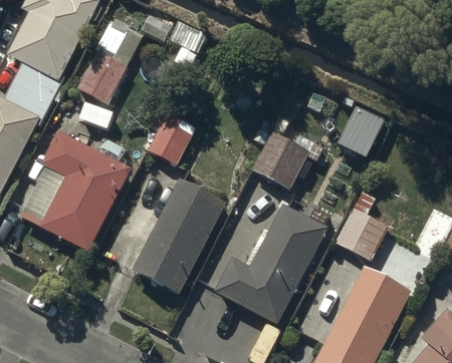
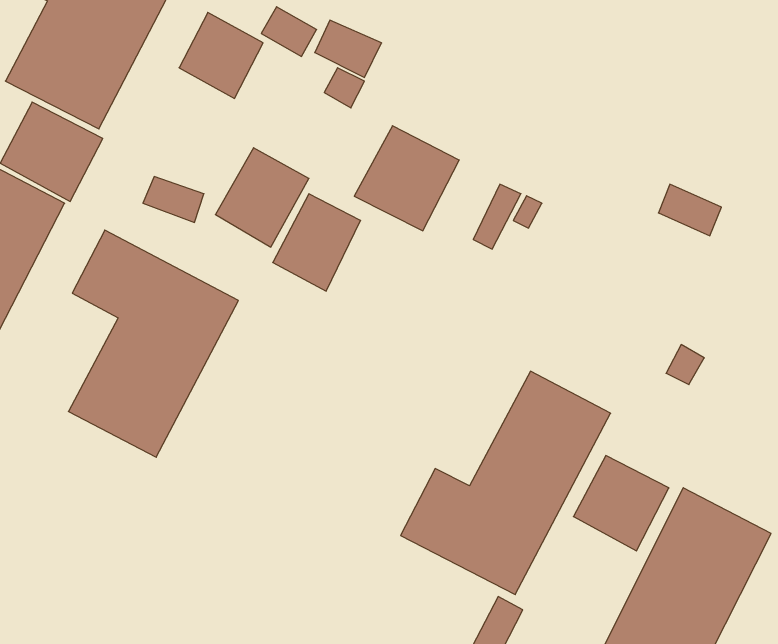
building: [76,50,126,102] -> [215,148,309,247]
building: [252,132,307,188] -> [354,126,459,231]
building: [133,180,225,294] -> none
building: [334,209,385,259] -> [573,456,669,551]

